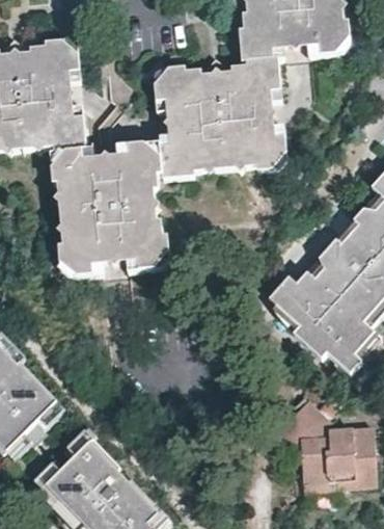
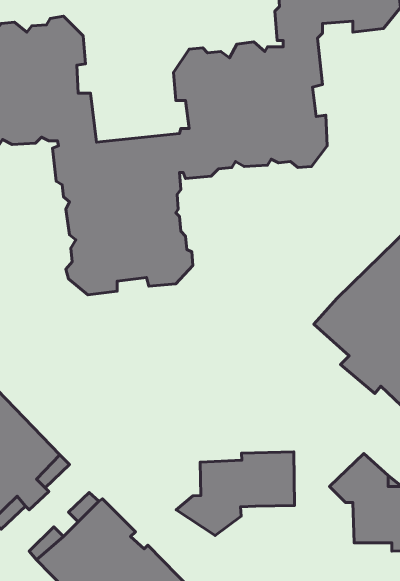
building: none -> [176,452,294,535]

